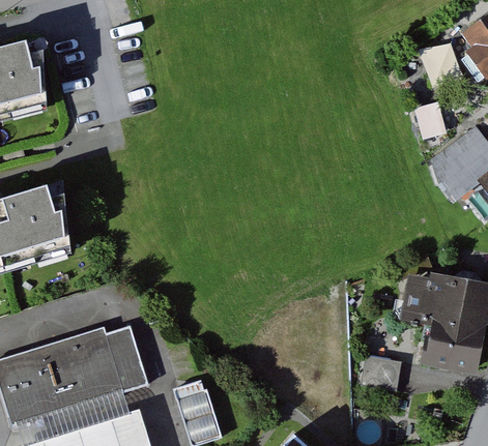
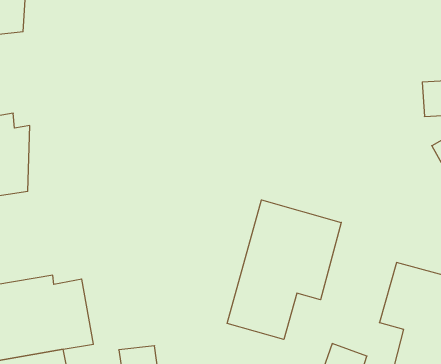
building: none -> [227,200,341,339]

